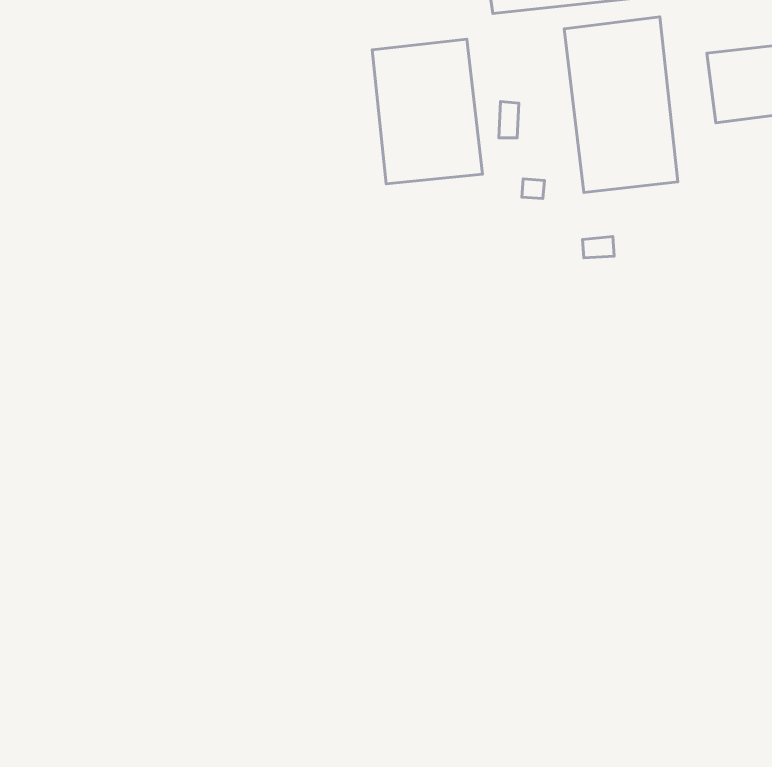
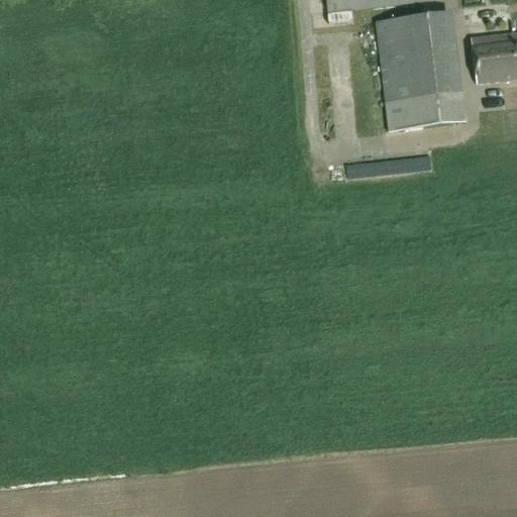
building: [372,39,483,184] -> none

